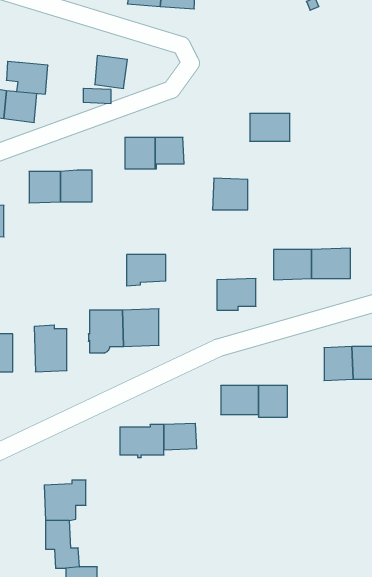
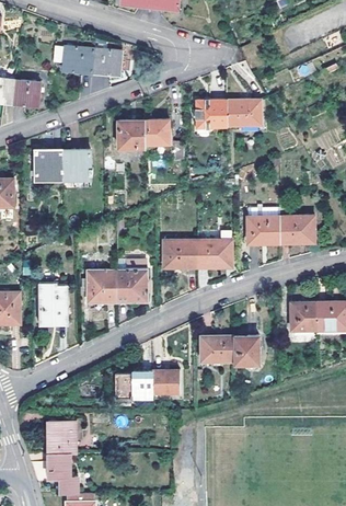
building: [6,61,48,94] -> [58,46,94,74]
building: [212,178,248,210] -> [196,99,227,126]
building: [127,255,166,286] -> [164,244,198,272]

